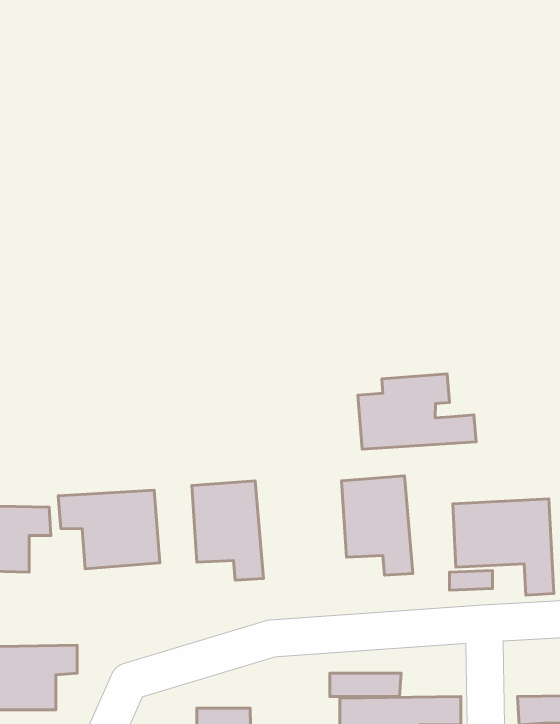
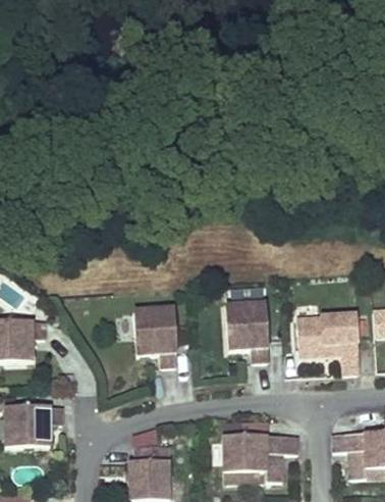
building: [358,374,476,449] -> none
building: [58,490,160,569] -> none

